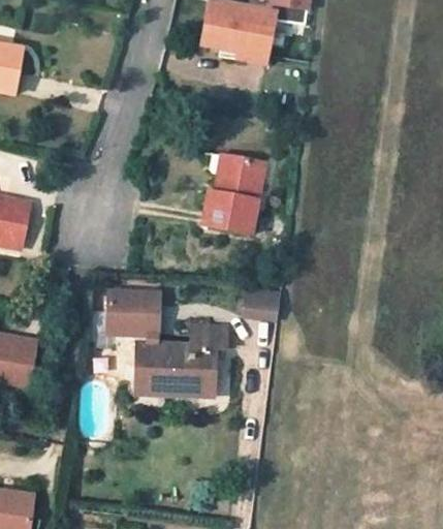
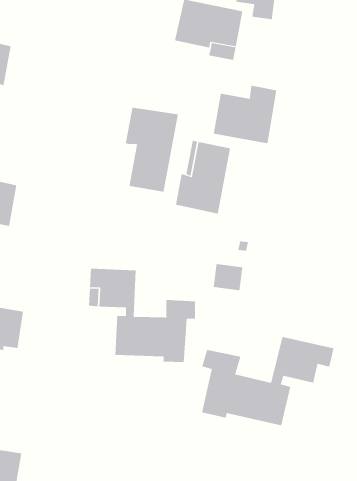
building: none -> [213,85,277,144]
building: none -> [125,107,178,192]
building: none -> [202,336,334,426]

